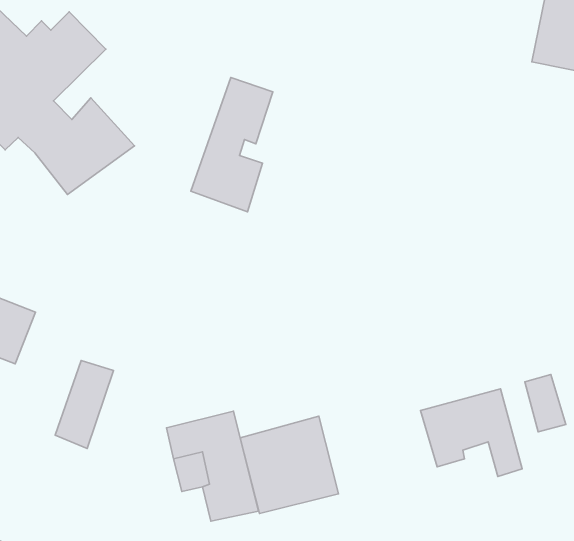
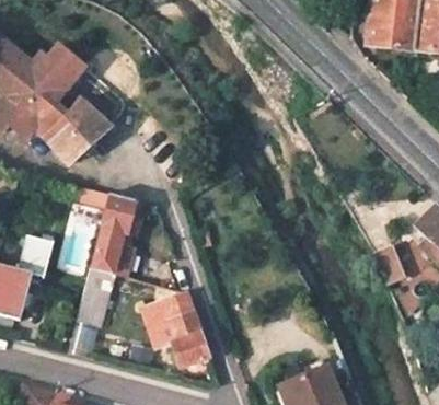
building: [191,78,273,212] -> [88,190,135,277]
building: [420,389,522,476] -> none
building: [240,416,338,514] -> none

